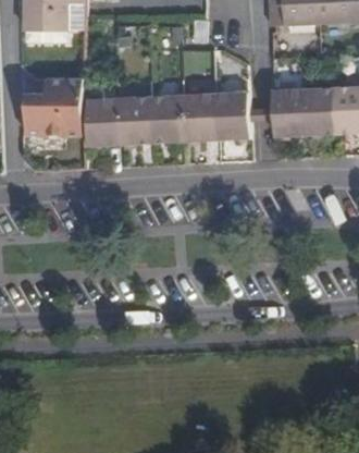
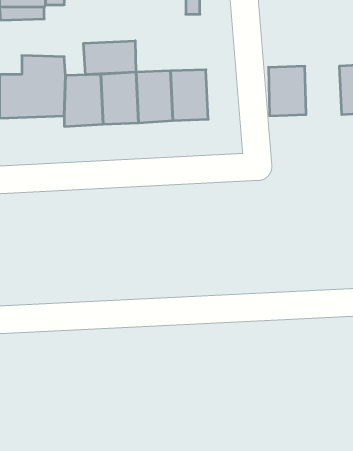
building: none -> [84,41,136,74]
building: [307,88,341,133] -> none
building: [215,90,250,137] -> none

